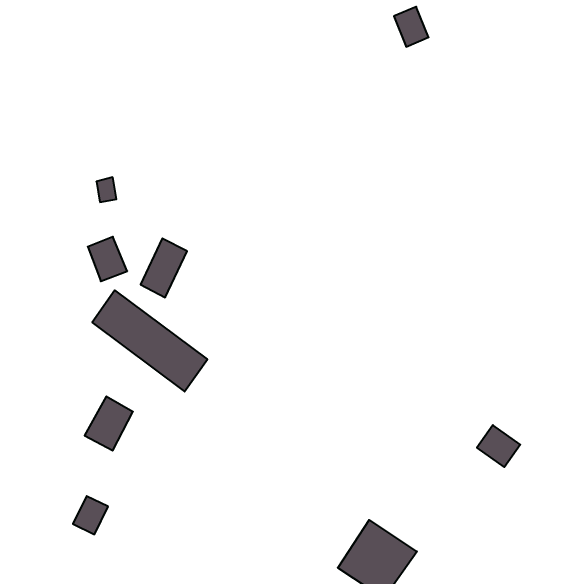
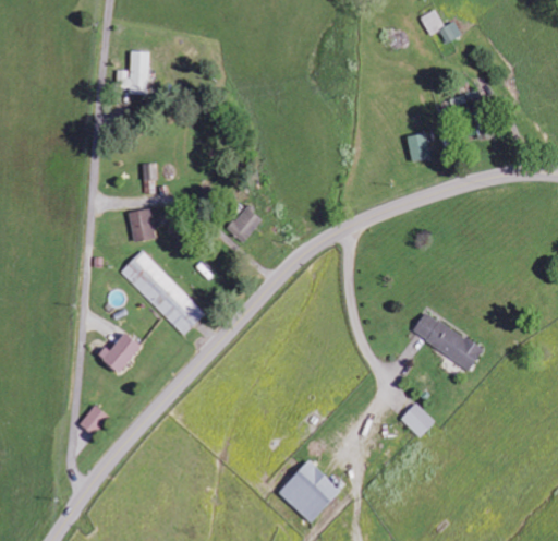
building: [394,7,429,47] -> [407,132,430,161]
building: none -> [117,50,149,94]
building: [141,238,187,297] -> [228,197,268,243]
building: none -> [412,311,484,371]

